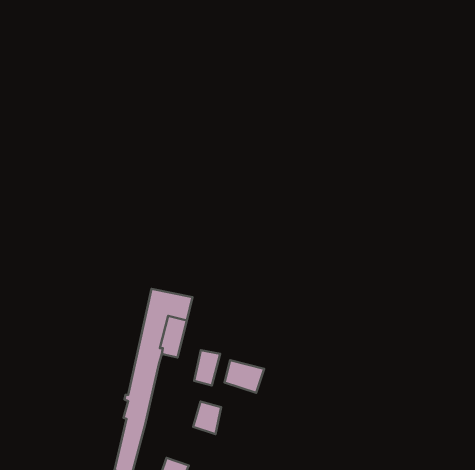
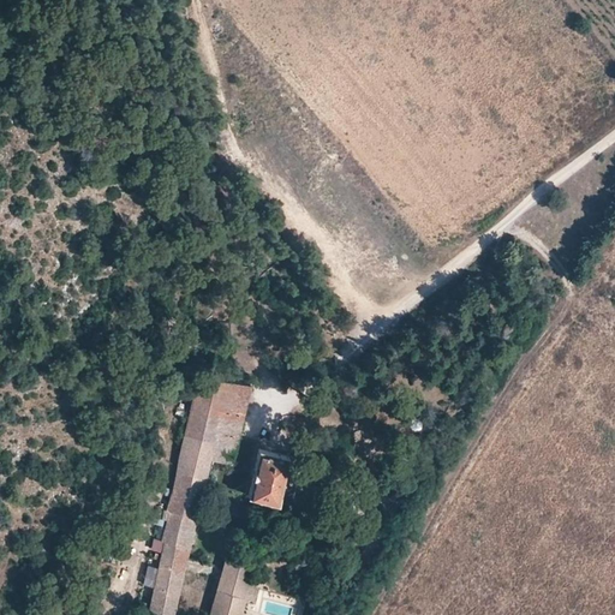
building: [224,360,264,393] -> none
building: [193,402,221,434] -> [215,566,251,608]

